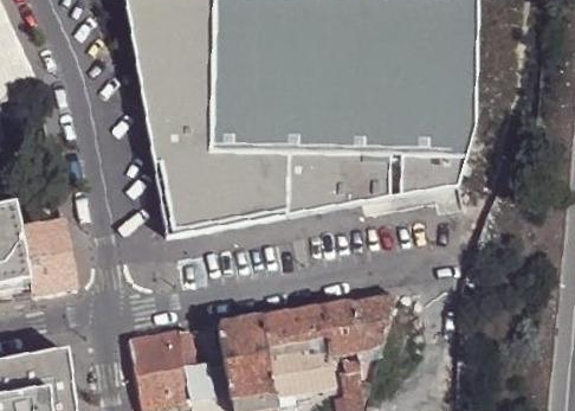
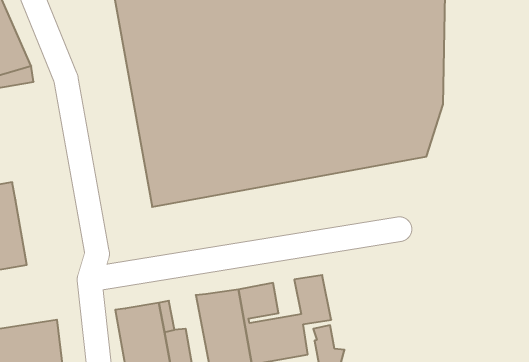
building: [22,217,78,293] -> none
building: [347,296,392,351] -> none

